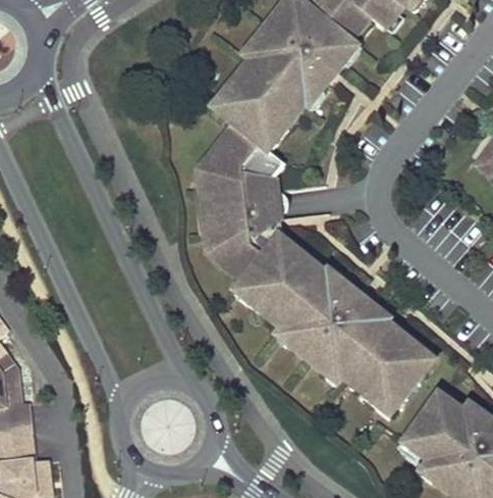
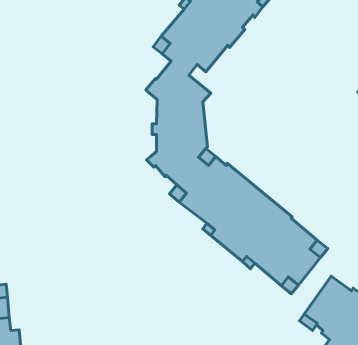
building: [198,161,218,244] -> none

